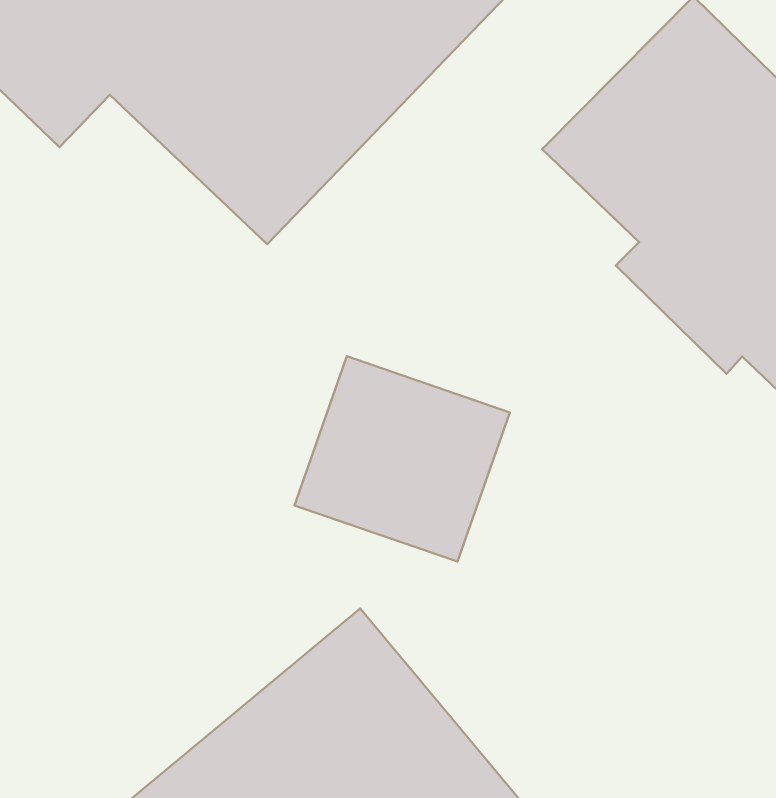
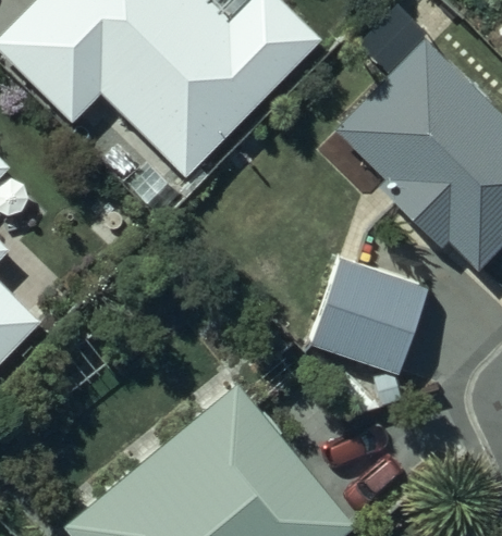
building: [295,356,510,562] -> [309,261,430,376]

